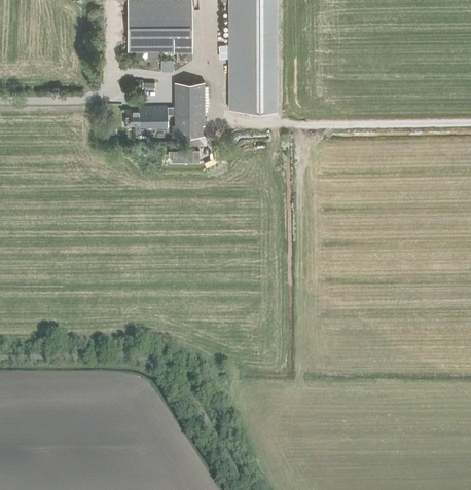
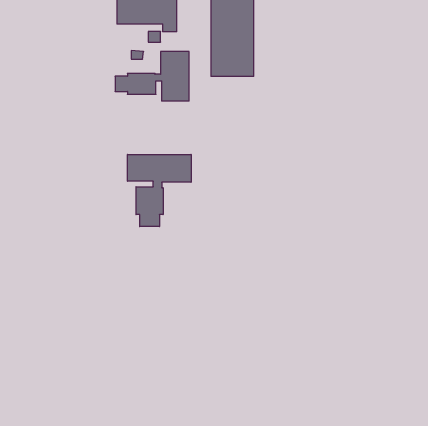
building: none -> [128,154,191,227]

